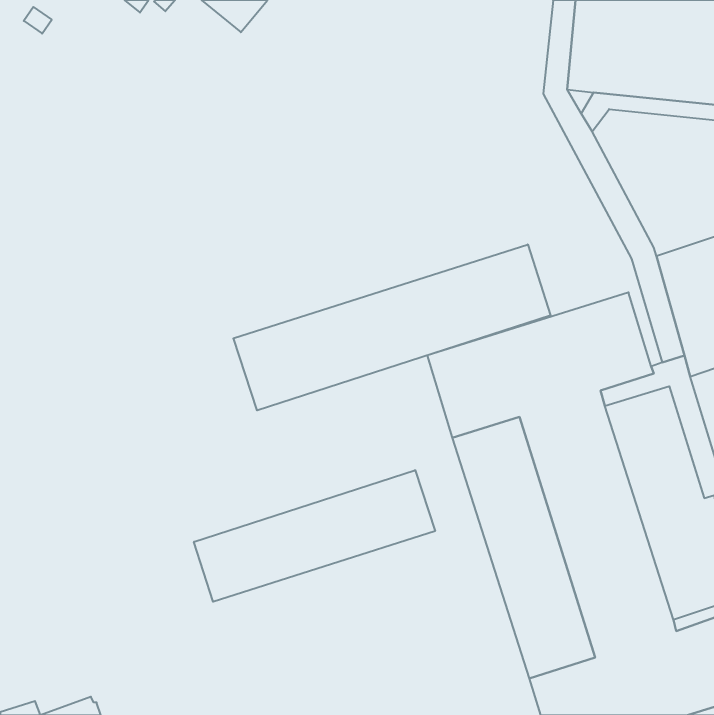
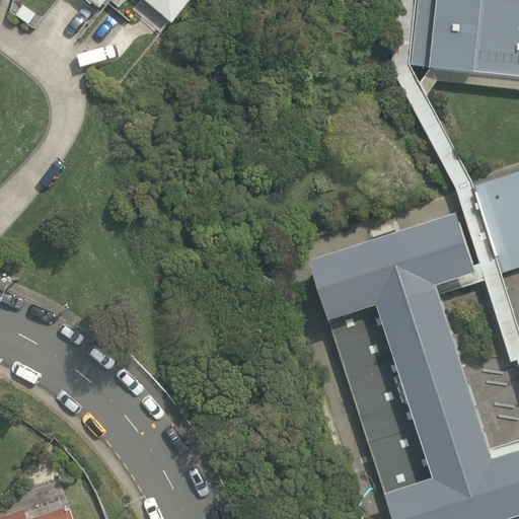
building: [233,244,550,410] -> none
building: [194,470,435,602] -> none

